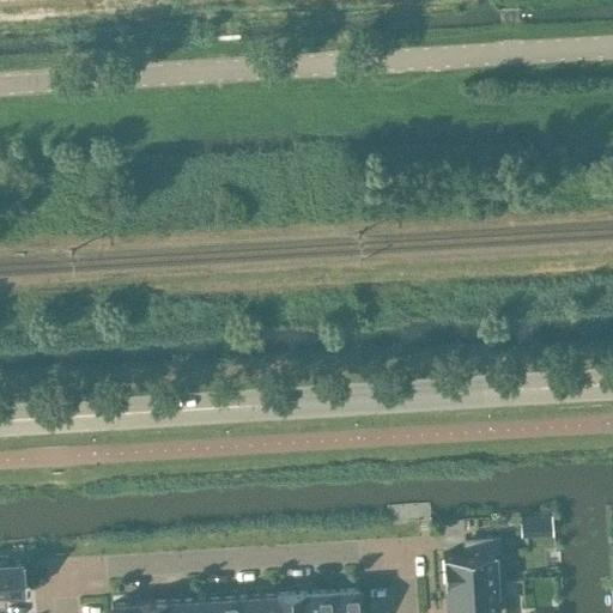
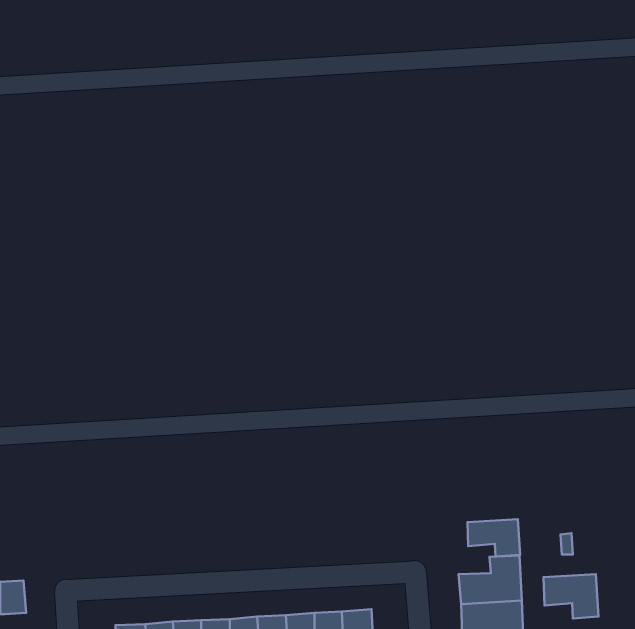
building: none -> [467,519,520,557]
building: none -> [543,574,599,619]

